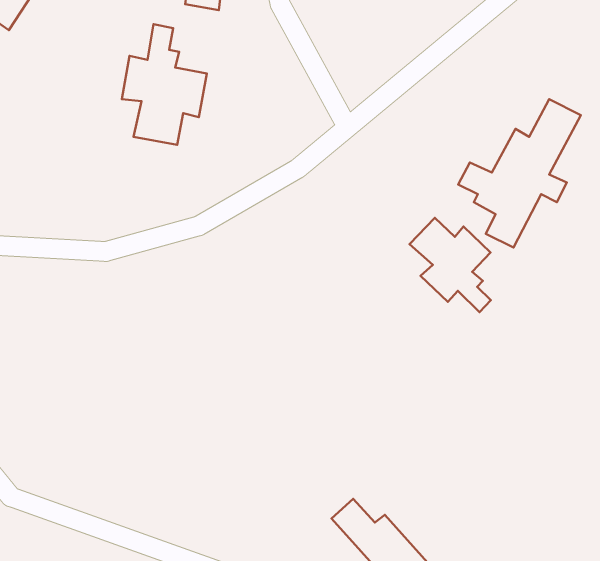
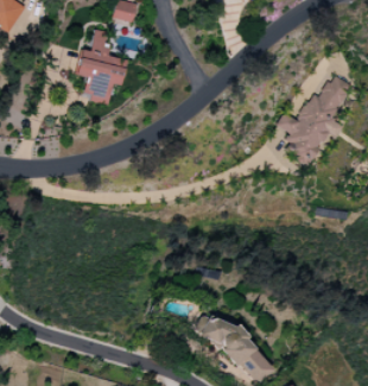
building: [409,218,491,312] -> none

